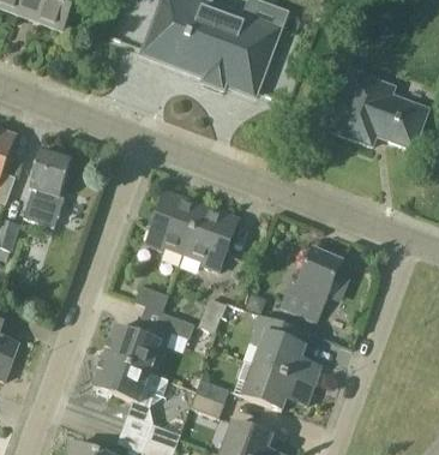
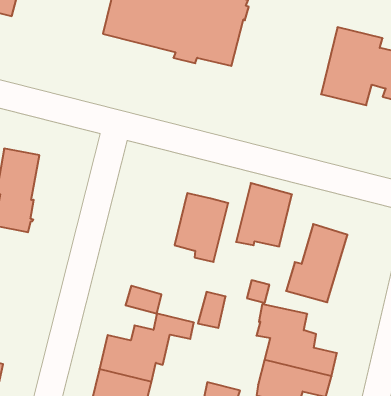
building: [146,191,202,251] -> [236,183,292,246]

